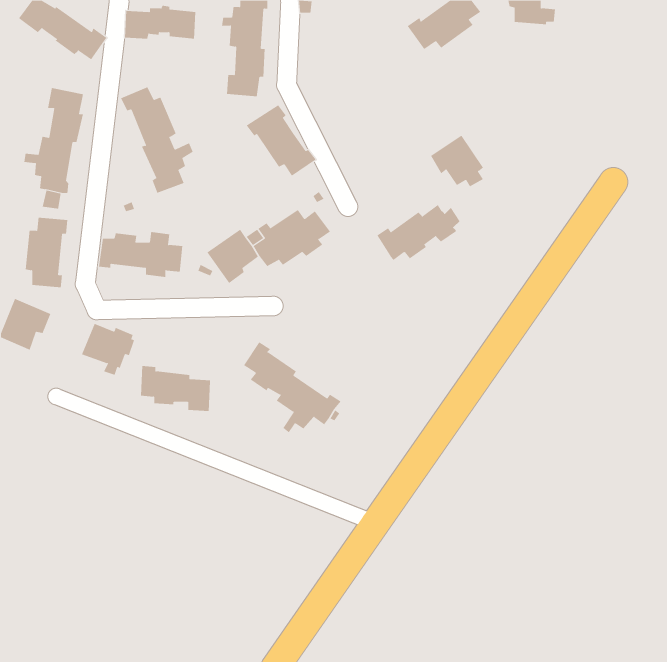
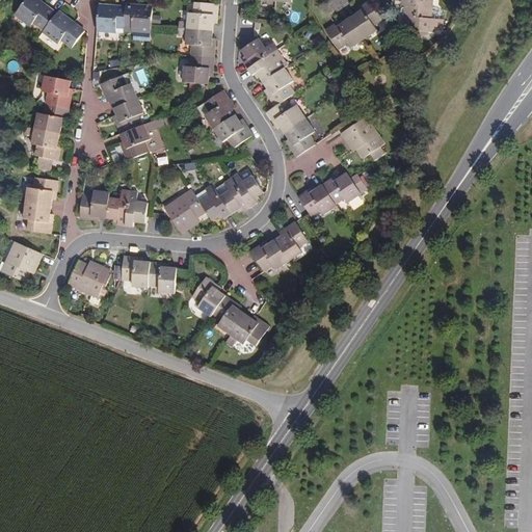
building: none -> [242,34,317,153]
building: none -> [252,218,311,269]
building: [140,366,211,411] -> [123,256,179,292]

